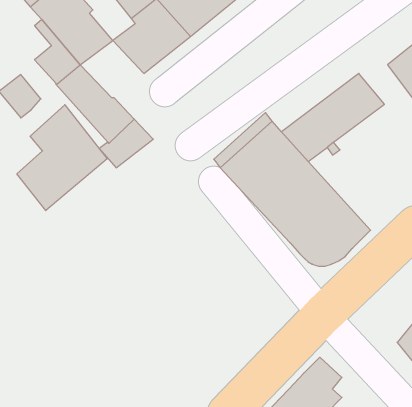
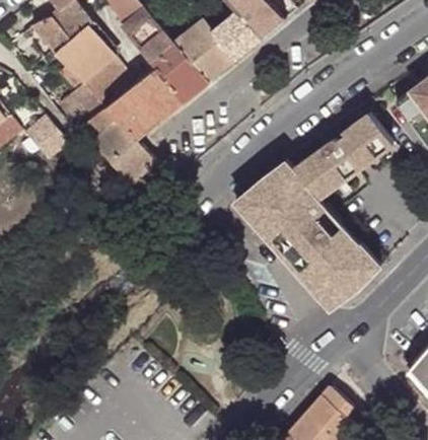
building: none -> [102,84,163,139]
building: [17,105,107,211] -> none

